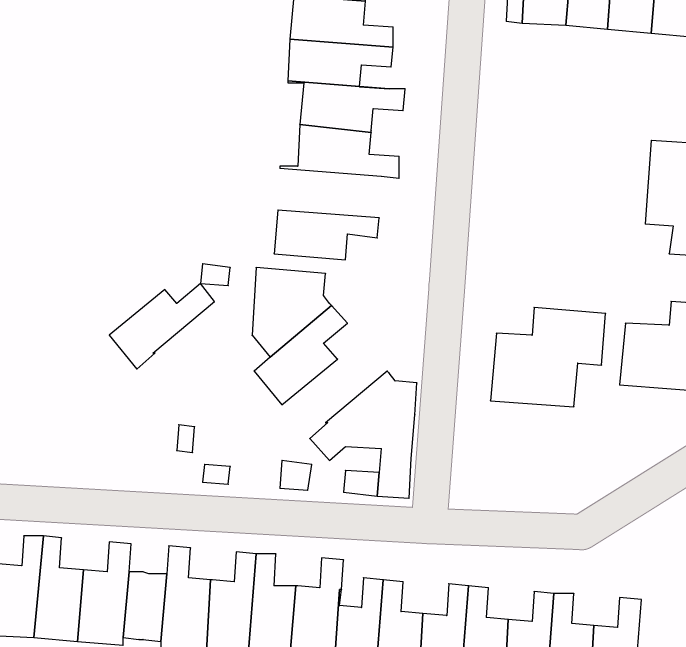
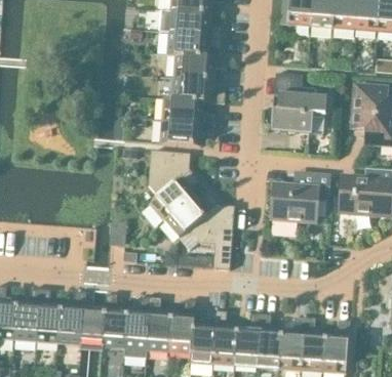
building: none -> [274,73,326,132]
building: none -> [162,99,215,125]
building: [109,284,214,369] -> [164,195,219,239]

